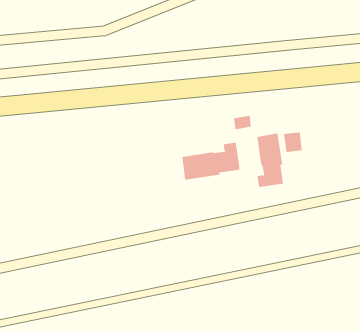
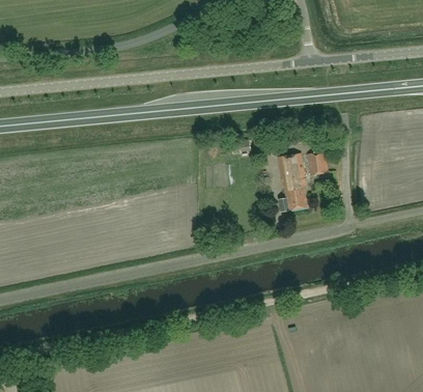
building: [182,142,240,181] -> none

